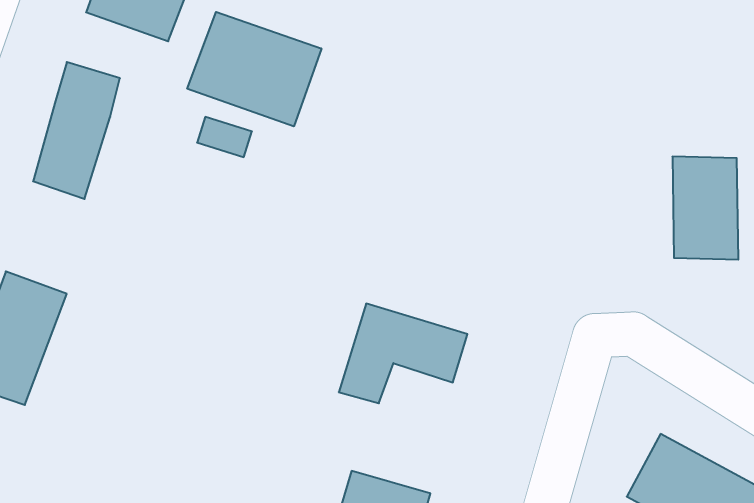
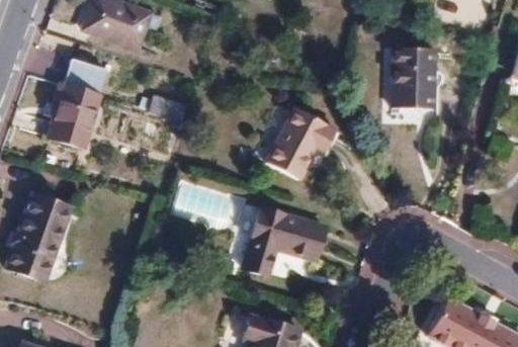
building: [187,12,321,126] -> none
building: none -> [268,107,337,176]
building: [672,157,738,260] -> [394,48,435,112]

